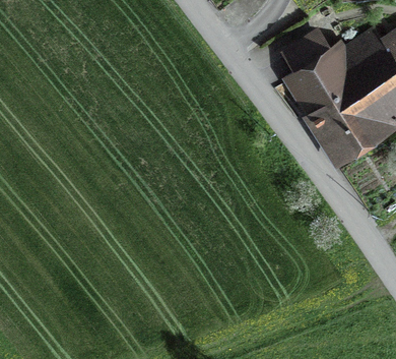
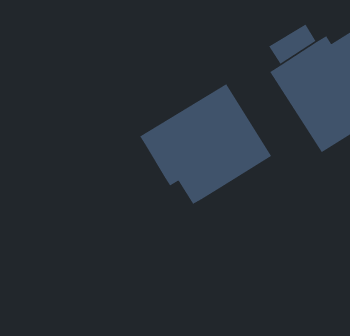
building: none -> [139,83,272,205]

